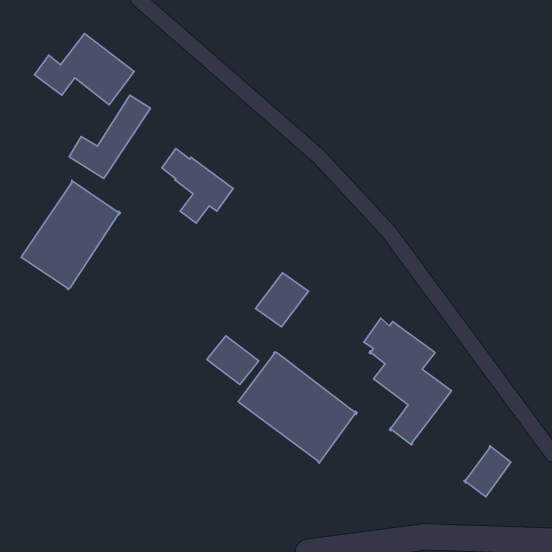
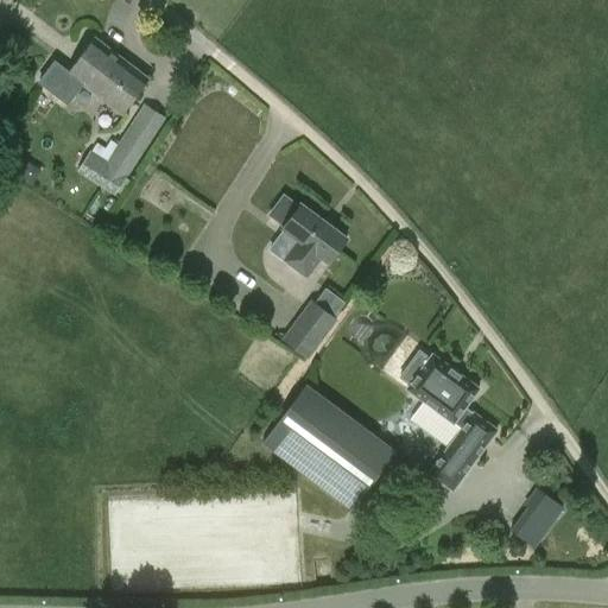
building: [162,148,233,223] -> [268,192,347,274]
building: [21,180,121,290] -> none
building: [207,336,259,385] -> none

